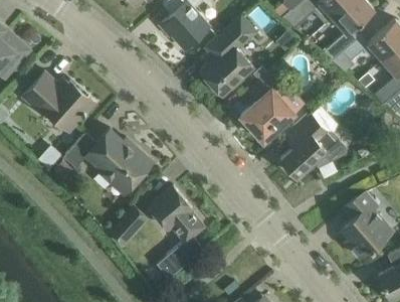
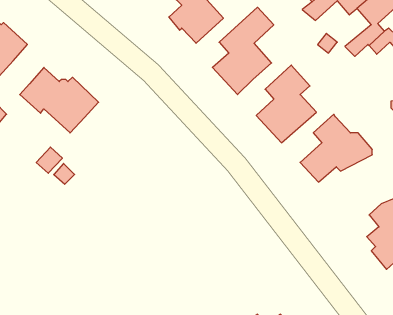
building: [63,129,153,194] -> none
building: [149,186,204,279] -> none
building: [110,206,147,245] -> none

